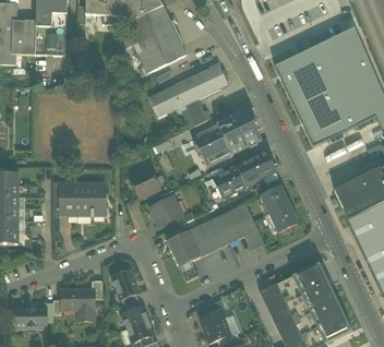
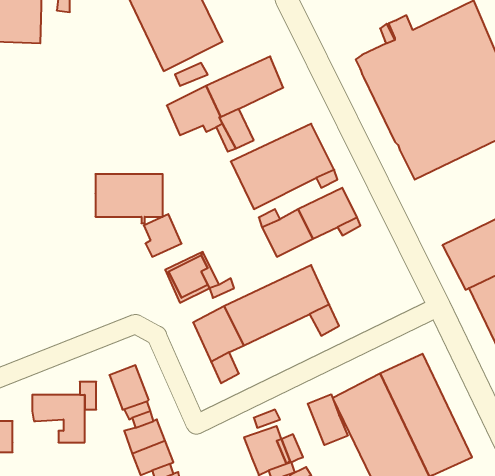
building: [60,183,105,216] -> [95,174,163,223]
building: [260,186,298,231] -> none
building: none -> [308,394,348,445]

